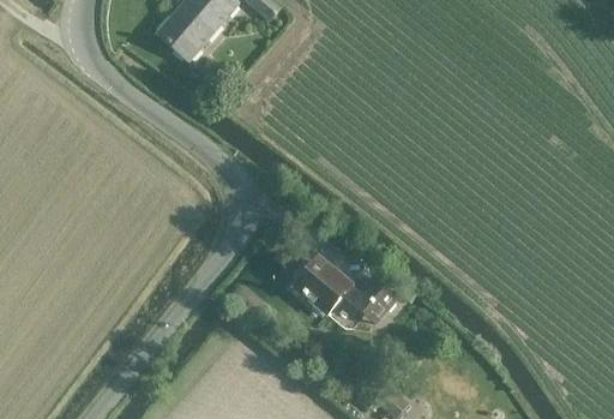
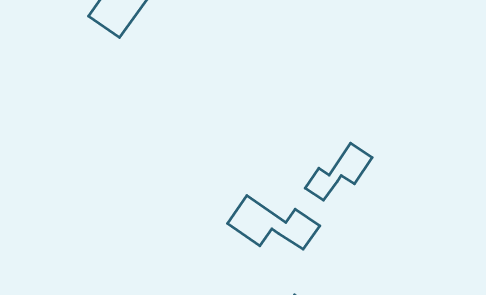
building: none -> [305,143,372,200]

